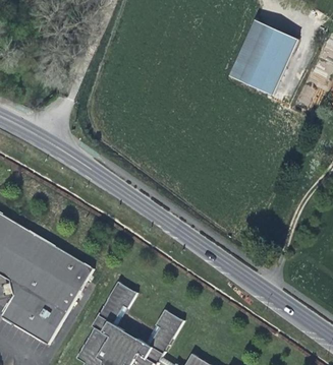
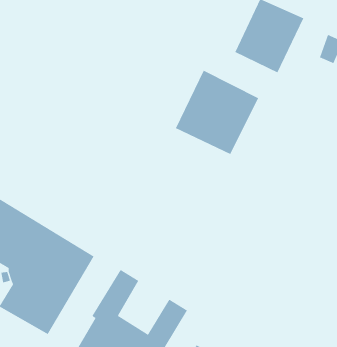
building: none -> [175,70,259,155]

